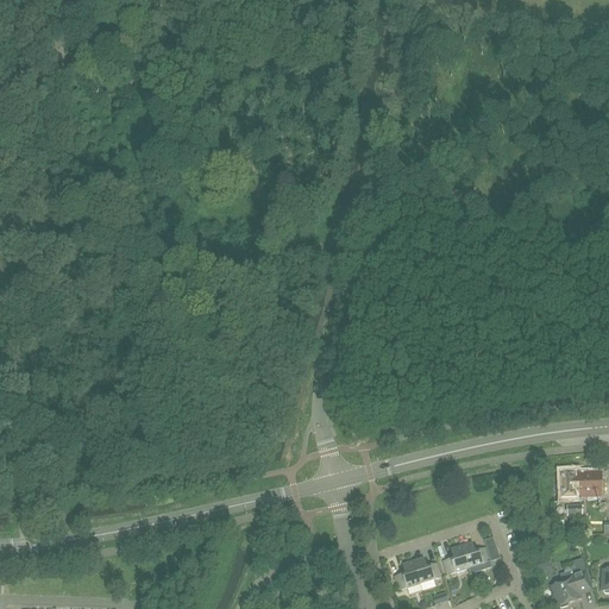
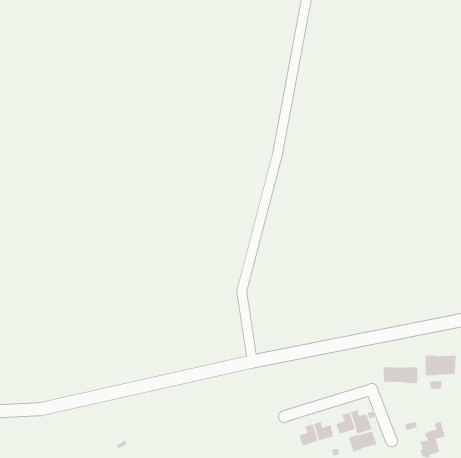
building: none -> [383,366,418,384]
building: none -> [348,431,378,453]

